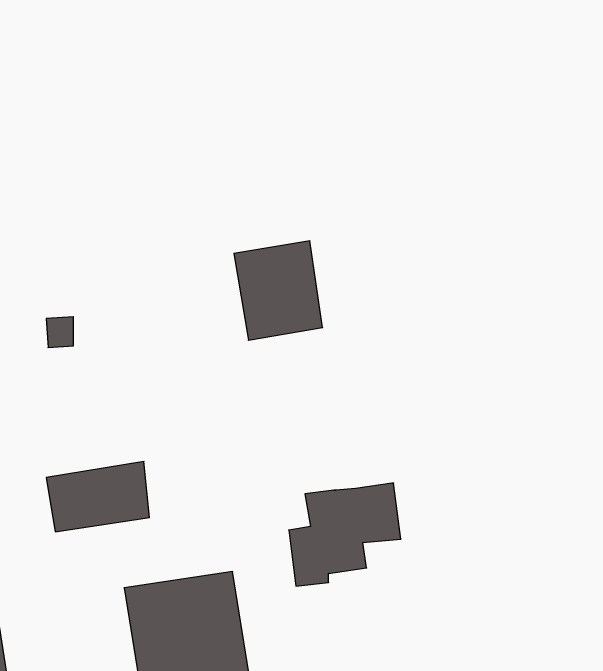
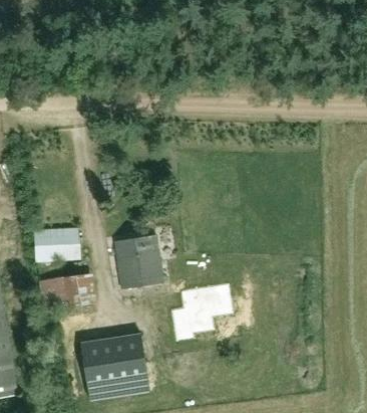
building: [234,241,323,340] -> [113,233,162,288]
building: none -> [33,228,80,259]

